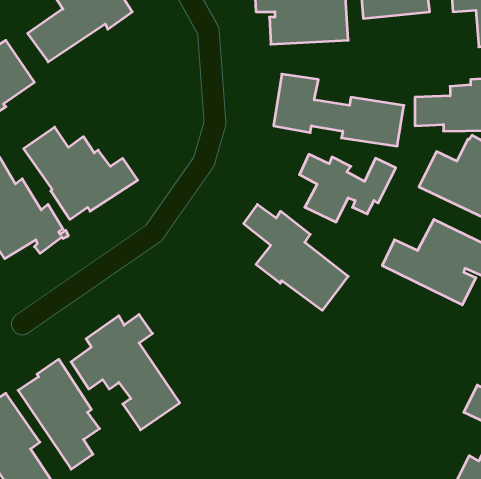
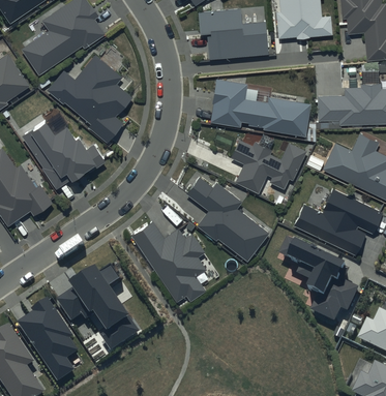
building: none -> [49,58,128,142]
building: none -> [132,222,205,300]
building: none -> [285,241,359,323]

